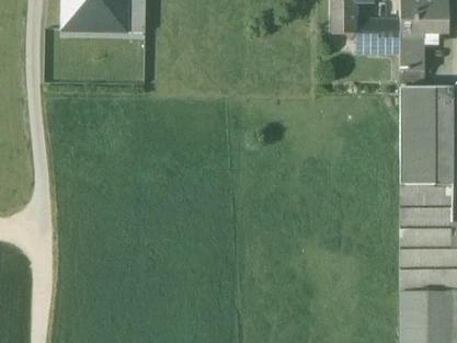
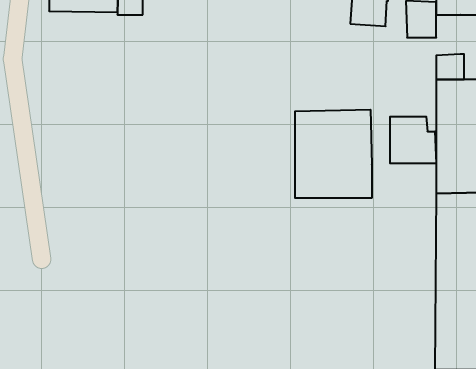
building: [400,32,421,67] -> none
building: none -> [295,110,372,198]
building: none -> [390,117,436,163]

